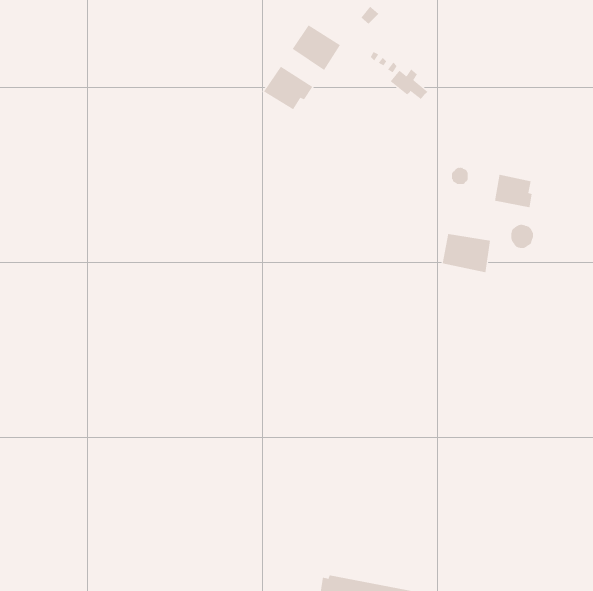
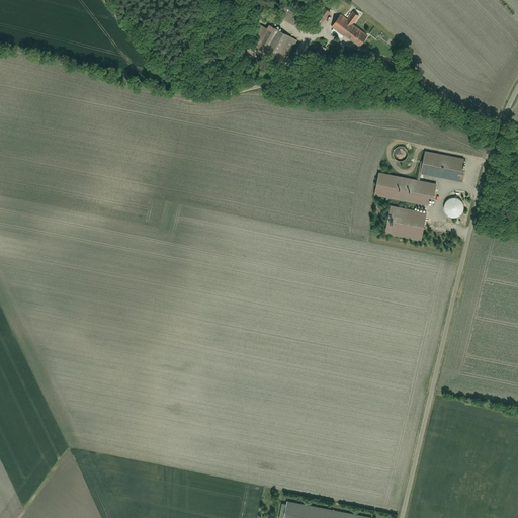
building: [263,66,313,110] -> none
building: [390,69,428,100] -> [330,14,363,41]
building: none -> [374,173,436,207]

